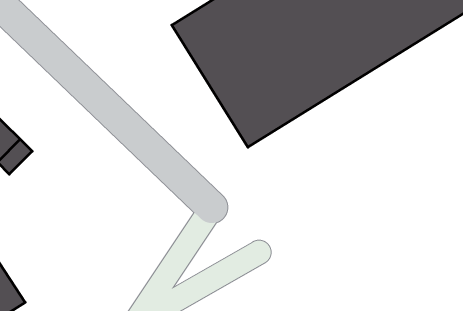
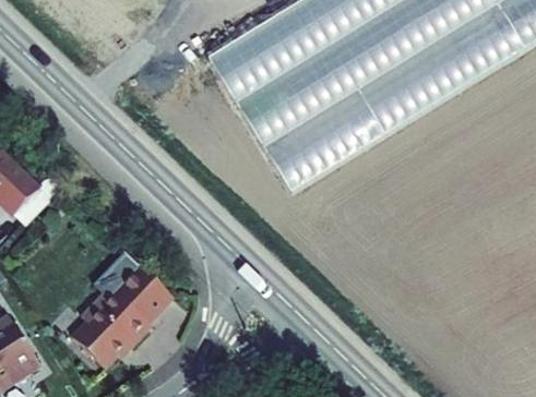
building: none -> [81,244,182,360]

